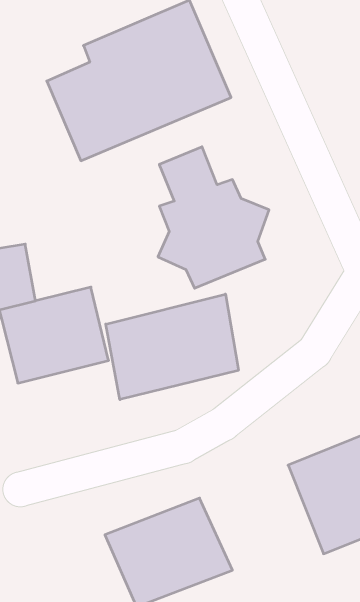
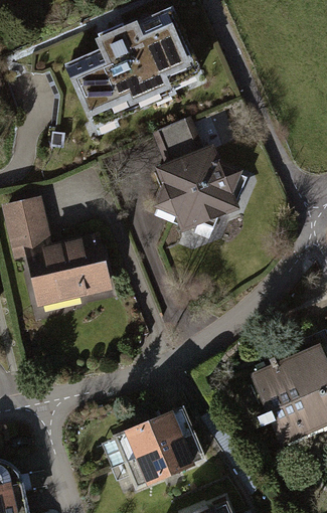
building: [106,294,238,400] -> none

